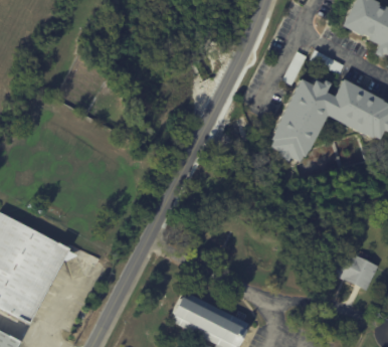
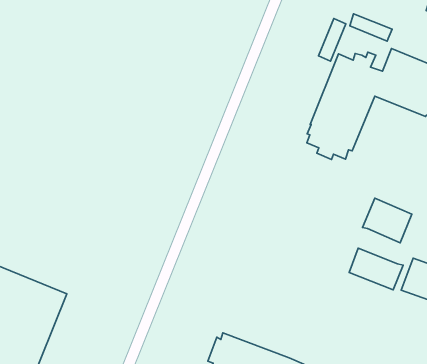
building: none -> [362,198,412,243]
building: none -> [349,248,403,290]

